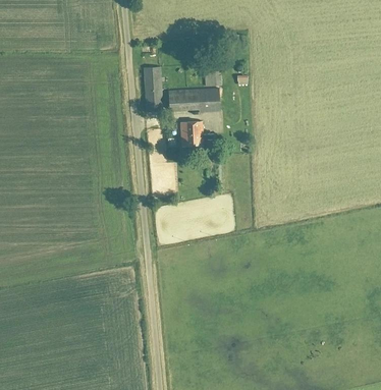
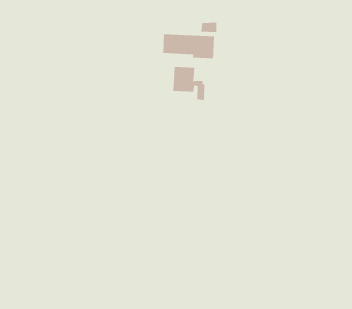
building: [143,64,161,109] -> none

